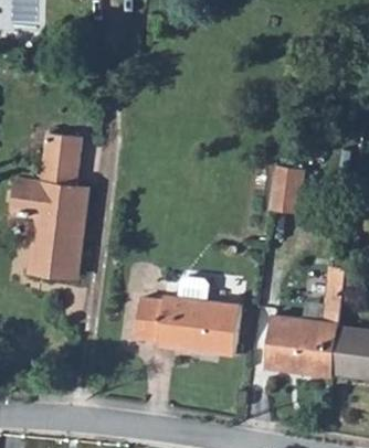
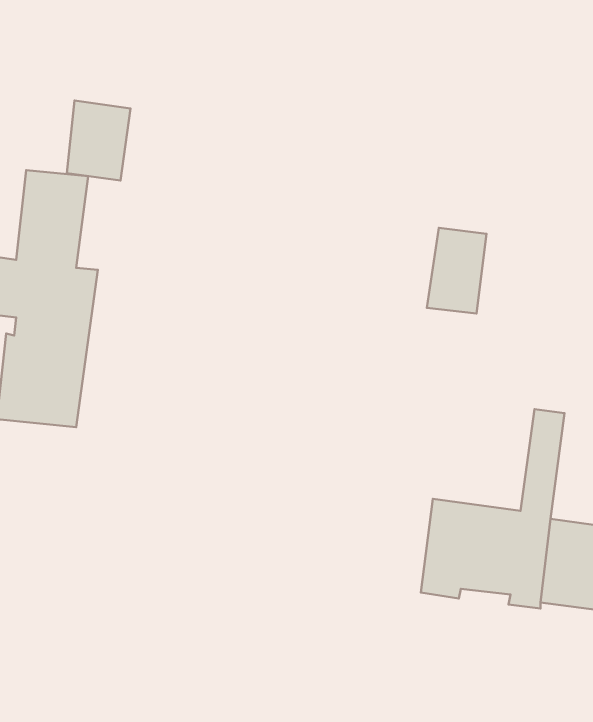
building: none -> [67,101,131,181]
building: [134,276,240,355] -> none

